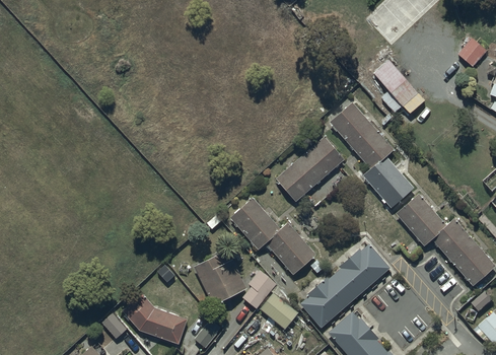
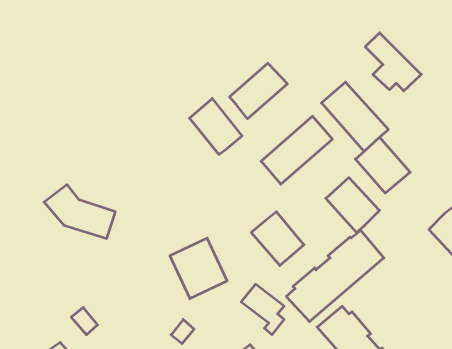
building: none -> [230,63,287,119]
building: [397,197,446,247] -> [326,178,380,232]
building: [232,199,281,251] -> [189,98,242,154]
building: [242,269,277,308] -> none
building: [121,293,187,343] -> [44,185,115,238]

